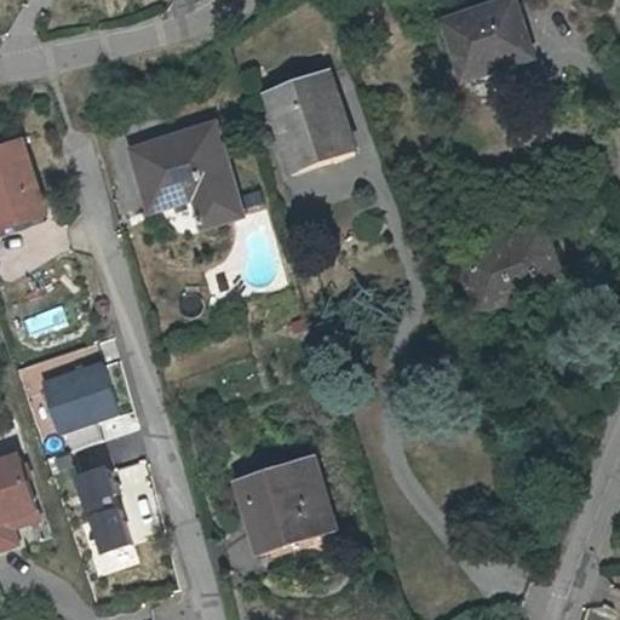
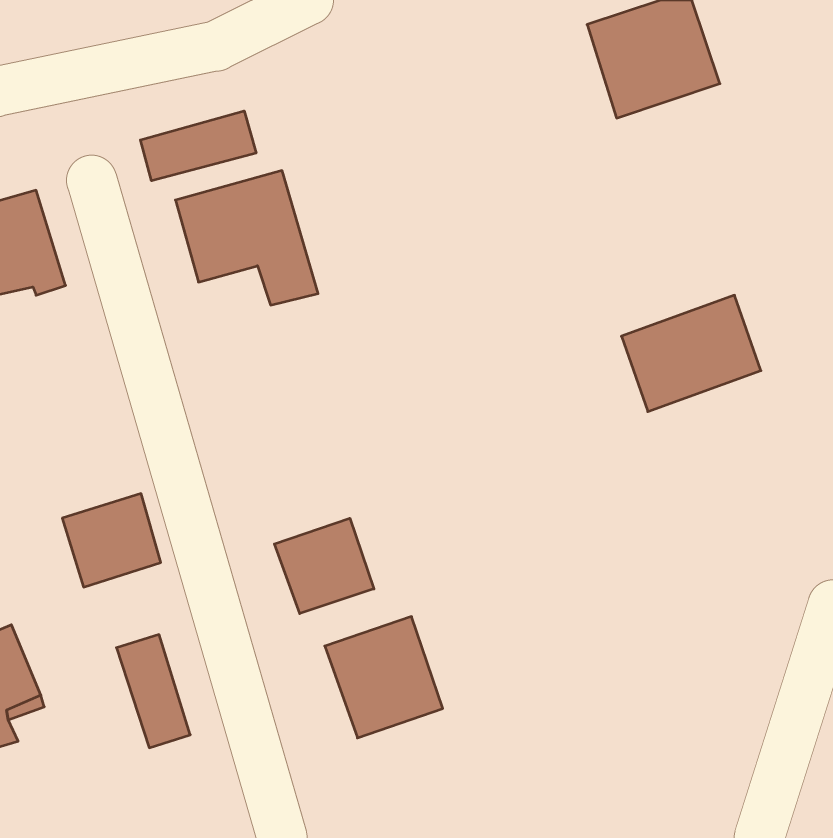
building: [262,73,350,161] -> none
building: none -> [140,111,256,181]
building: none -> [274,518,374,614]

